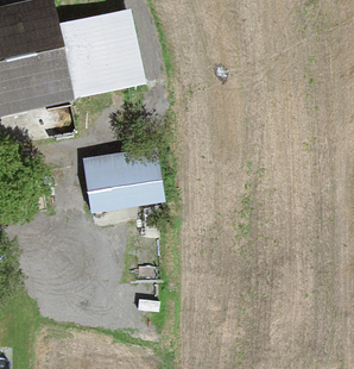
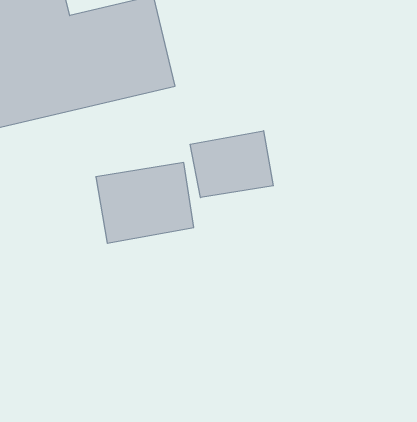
building: none -> [190,131,273,198]

